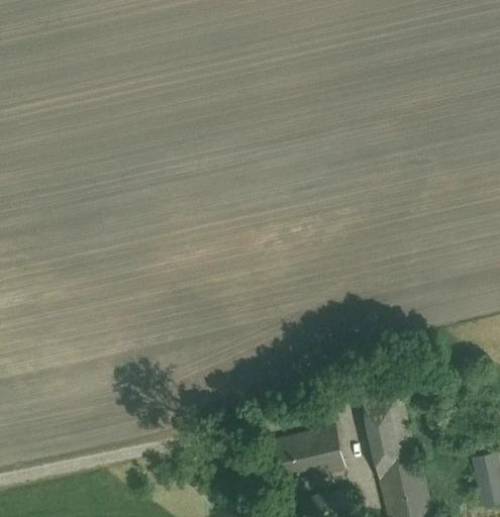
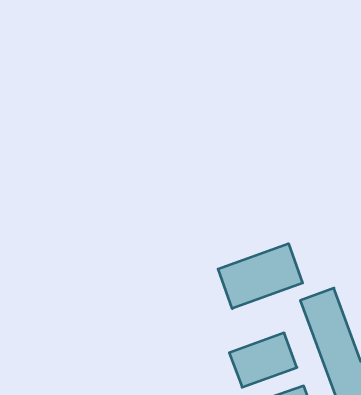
building: none -> [218,244,303,309]

